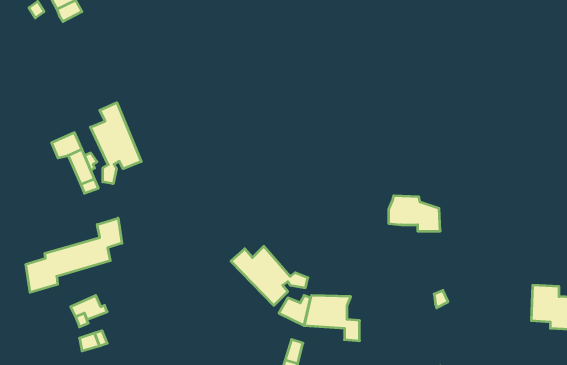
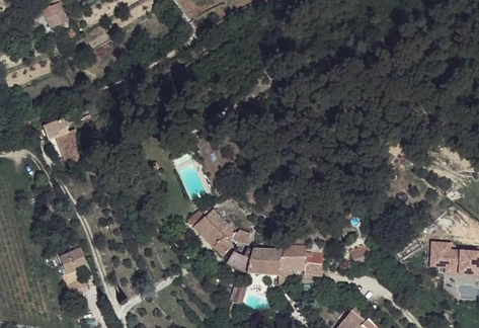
building: [90,103,141,184] -> none
building: [389,196,440,231] -> [281,245,322,273]
building: [26,218,122,292] -> none

